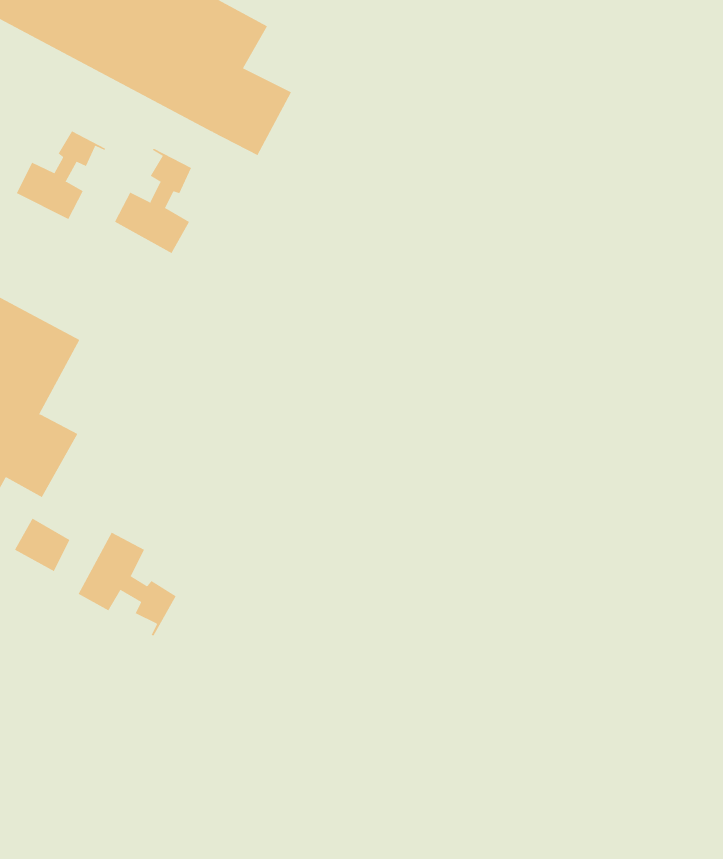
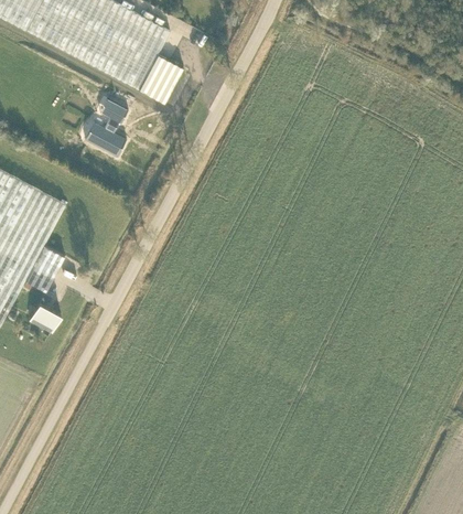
building: [16,130,105,220] -> none
building: [78,532,176,636] -> none

